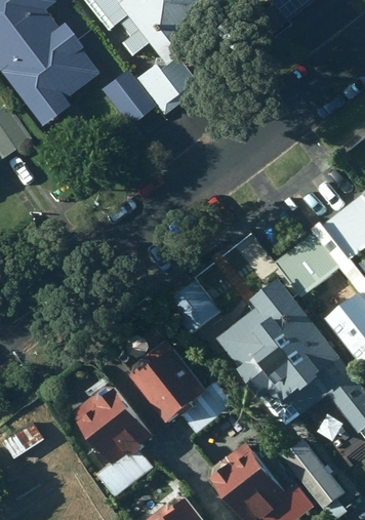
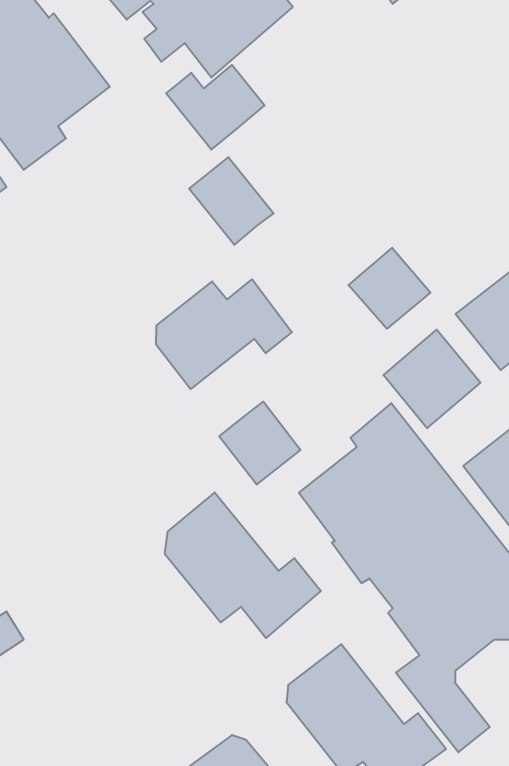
building: [98,69,154,126] -> [189,157,274,245]
building: none -> [348,248,430,329]
building: none -> [156,279,292,389]
building: [73,385,155,495] -> none

